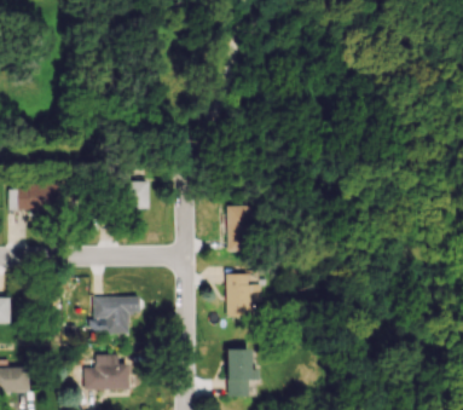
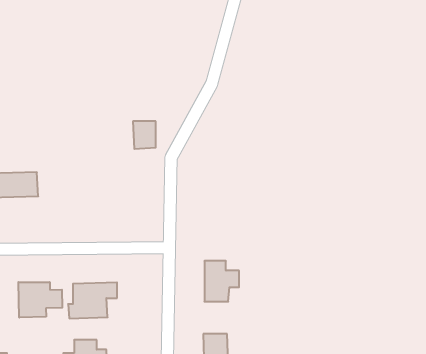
building: [126,181,149,209] -> [133,121,156,149]
building: [227,206,254,252] -> none
building: none -> [18,282,62,318]

